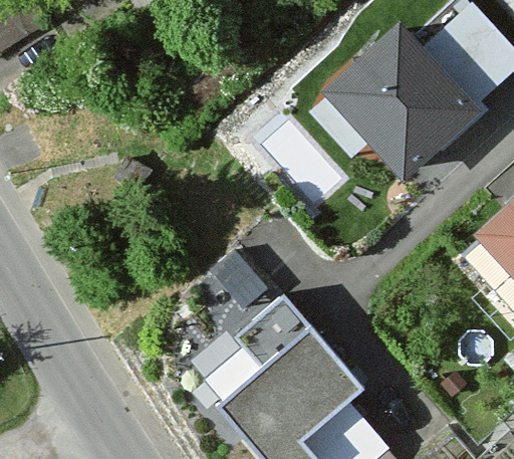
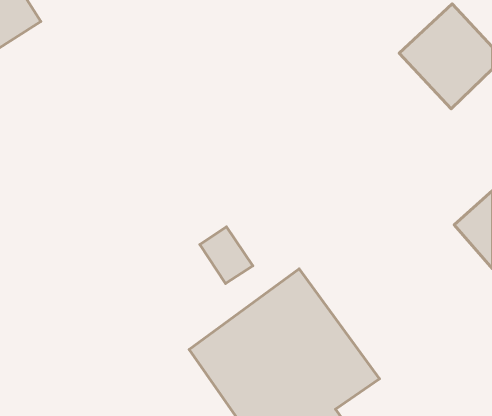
building: [302,38,468,188] -> none

